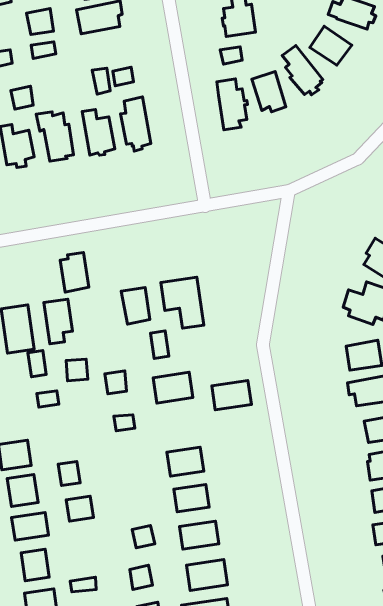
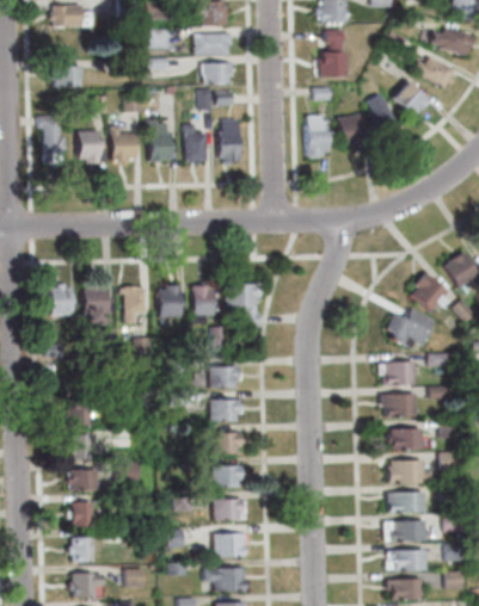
building: none -> [201,61,233,84]
building: [60,253,89,292] -> [161,285,183,317]
building: [212,381,251,410] -> [213,398,245,420]

